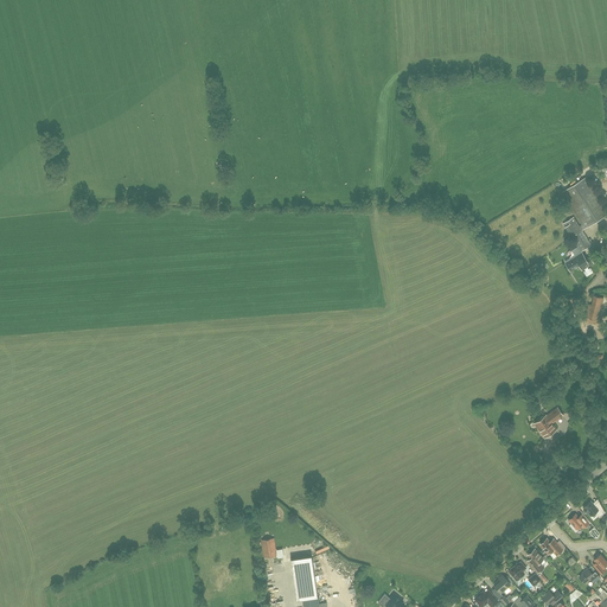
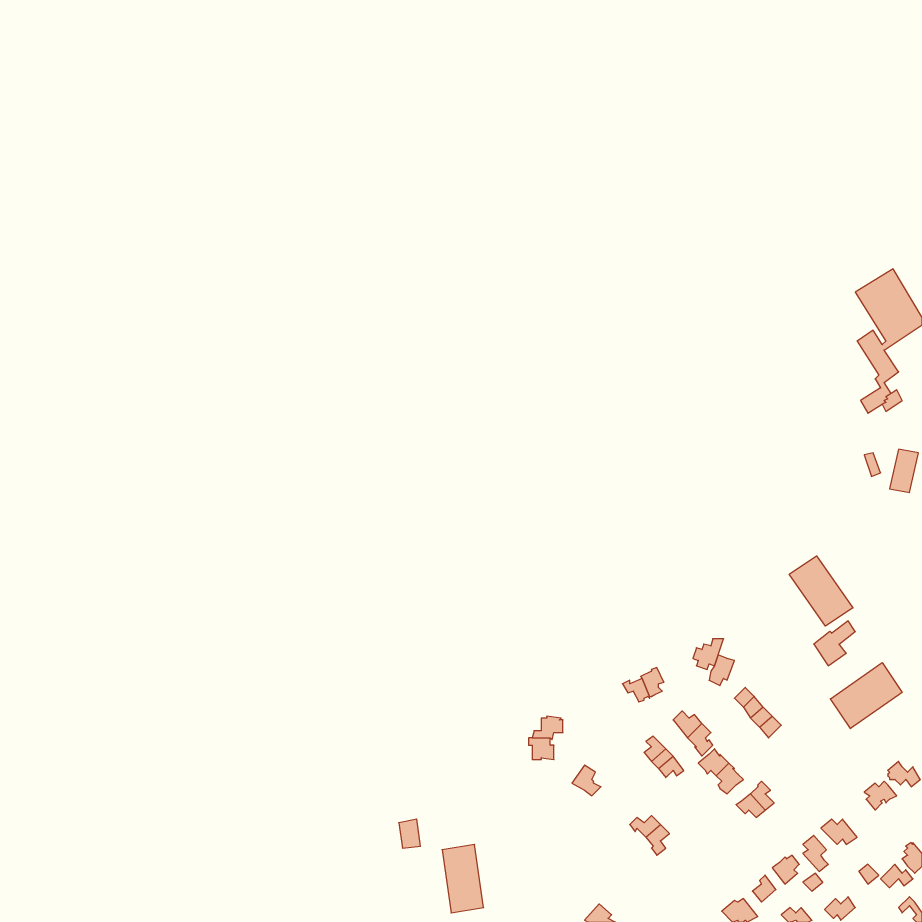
building: none -> [789,556,853,626]
building: none -> [830,663,902,729]

